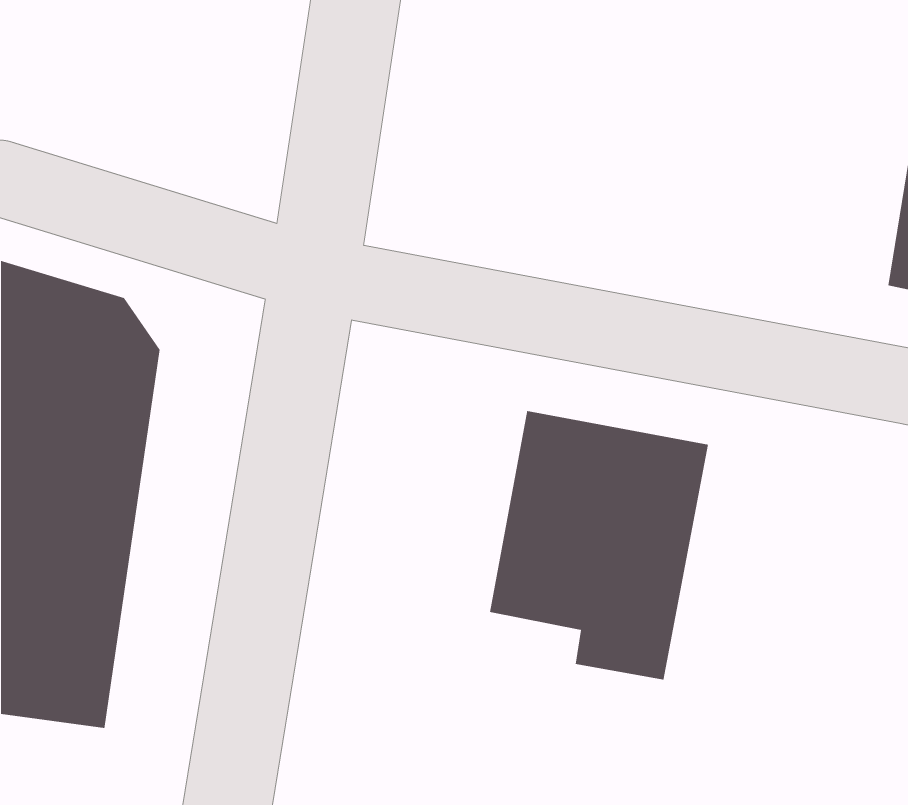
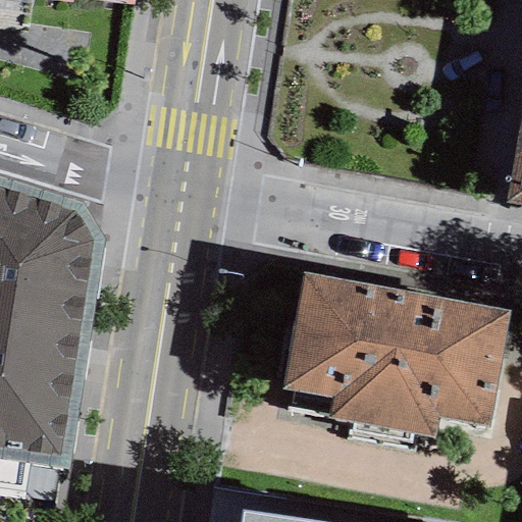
building: none -> [380,292,510,437]

